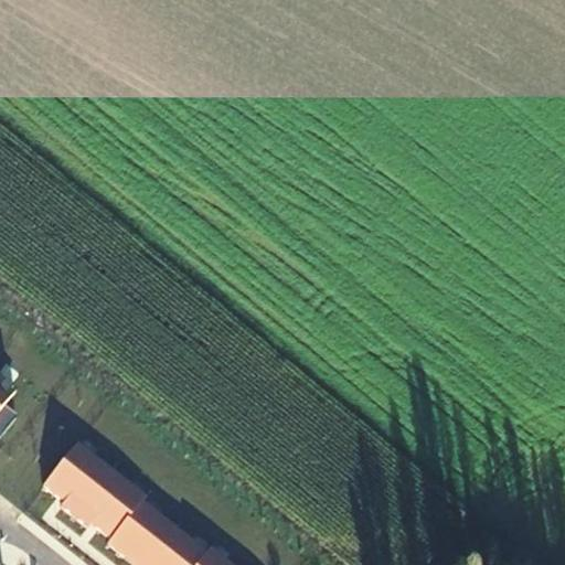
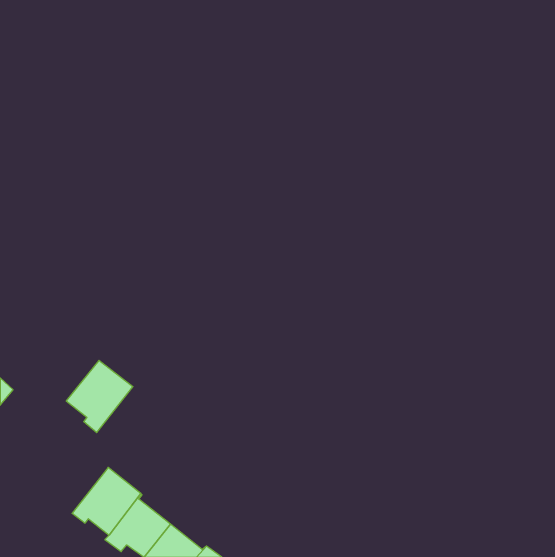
building: [45,446,113,519] -> [66,360,133,433]

